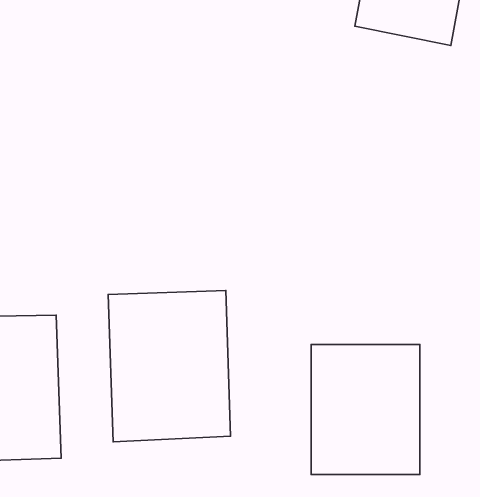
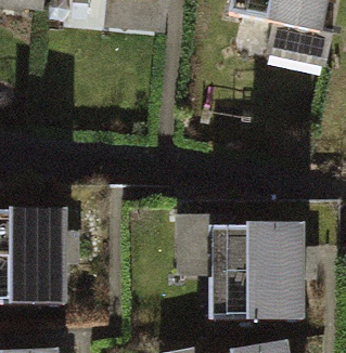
building: [108,290,231,442] -> none

